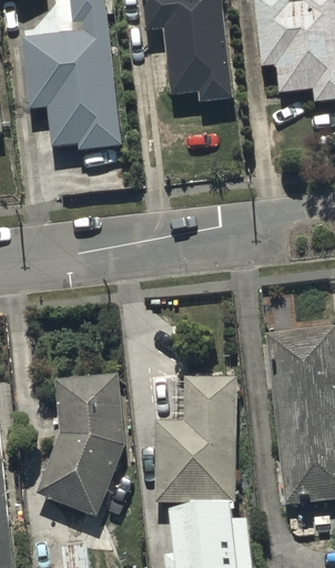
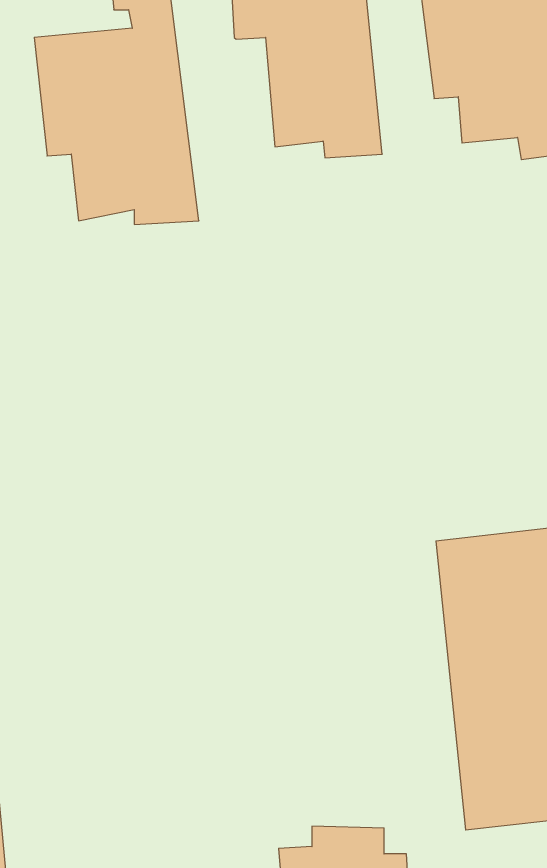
building: [34,375,121,516] -> none
building: [154,377,235,504] -> none

